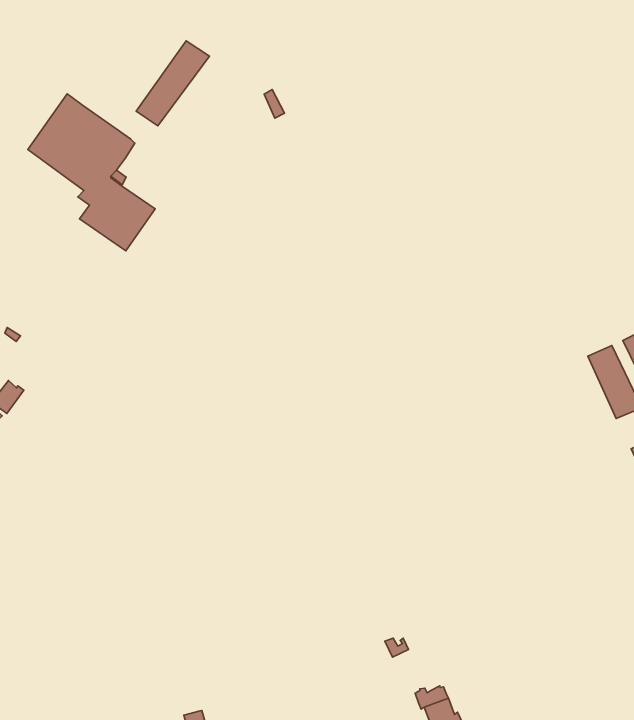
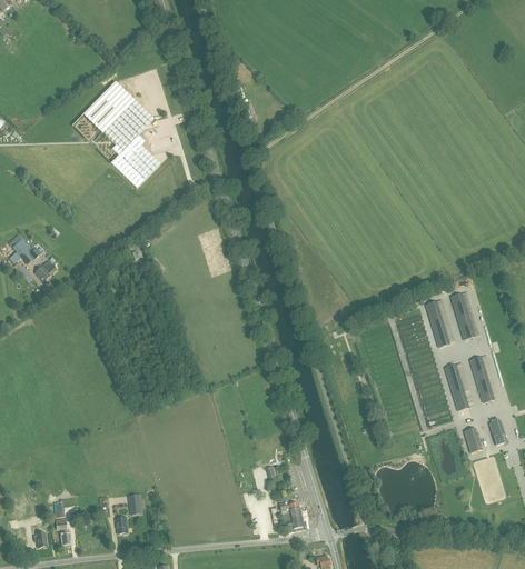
building: [136,41,209,126] -> none

